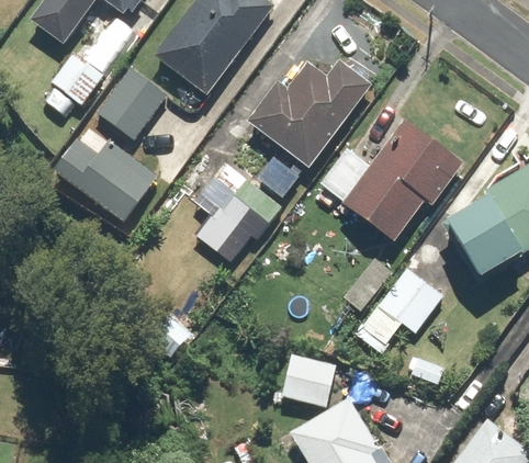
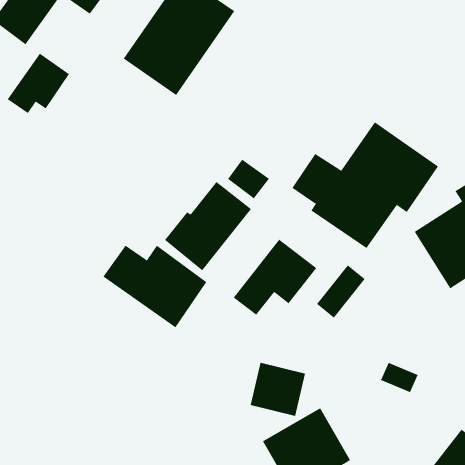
building: [245,59,370,169] -> none
building: [98,68,169,142] -> none
building: [55,139,157,221] -> [103,245,207,328]
building: [361,269,443,343] -> [233,239,317,315]

